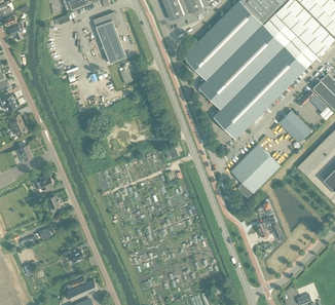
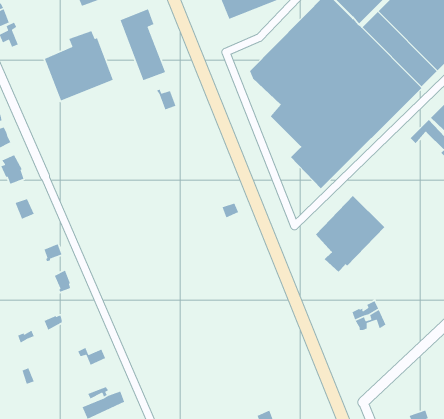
building: none -> [44,30,114,101]
building: [277,110,310,145] -> none

